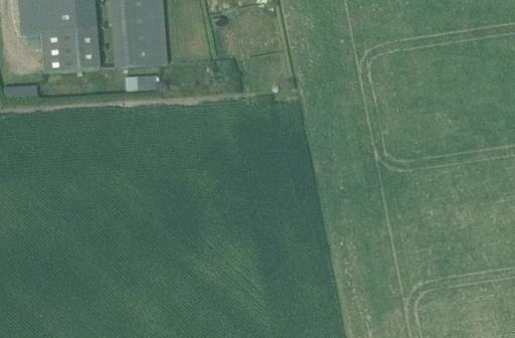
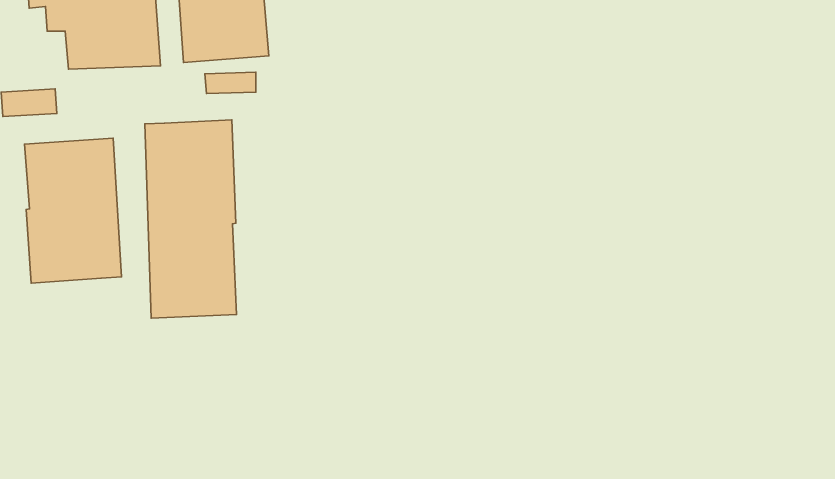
building: none -> [145,120,237,318]
building: none -> [24,138,122,283]

